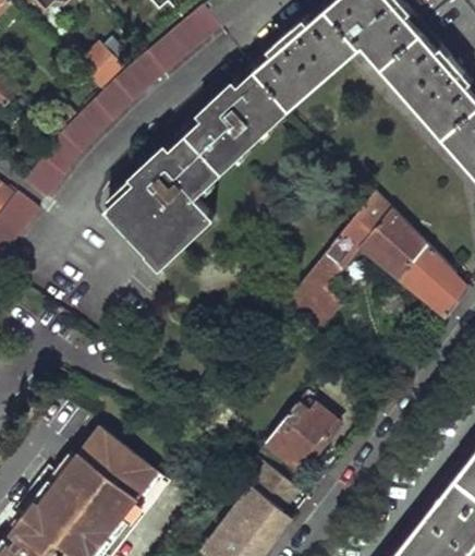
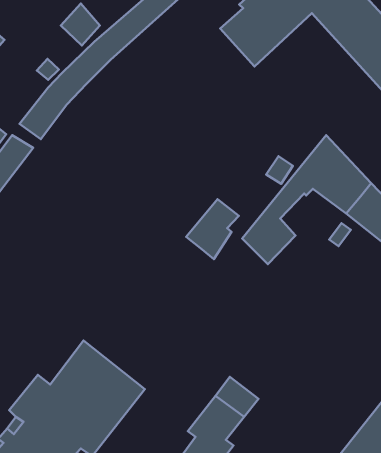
building: [108,69,294,263] -> none
building: none -> [186,199,239,259]
building: [265,396,339,467] -> none

